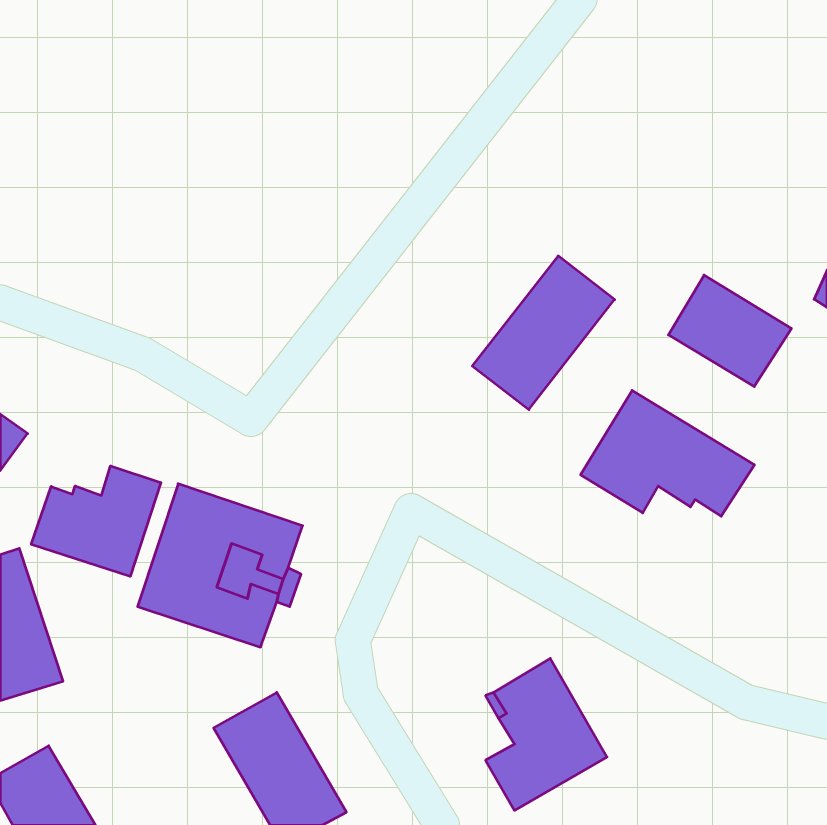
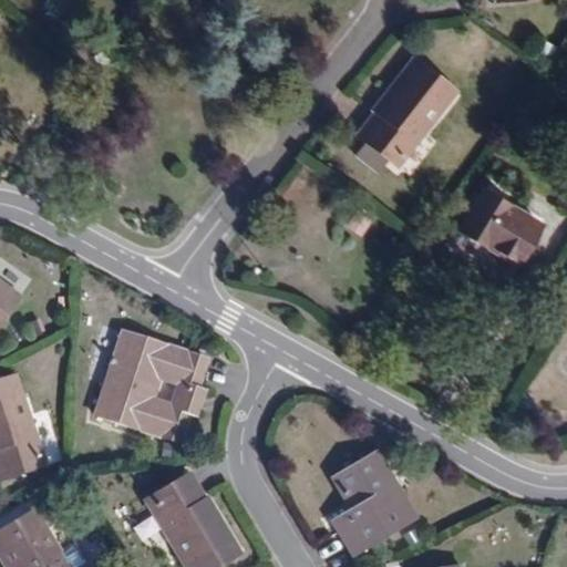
building: [472,256,615,410] -> [358,61,455,166]
building: [581,390,754,516] -> none
building: [31,466,161,576] -> none

